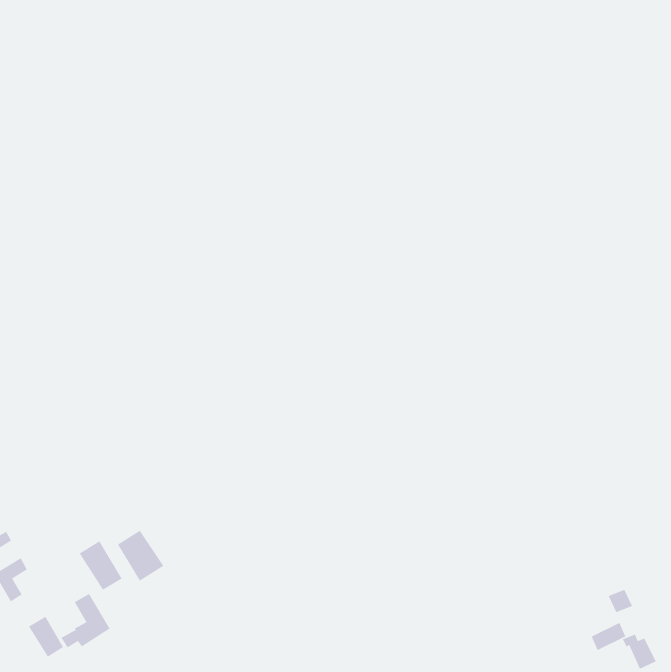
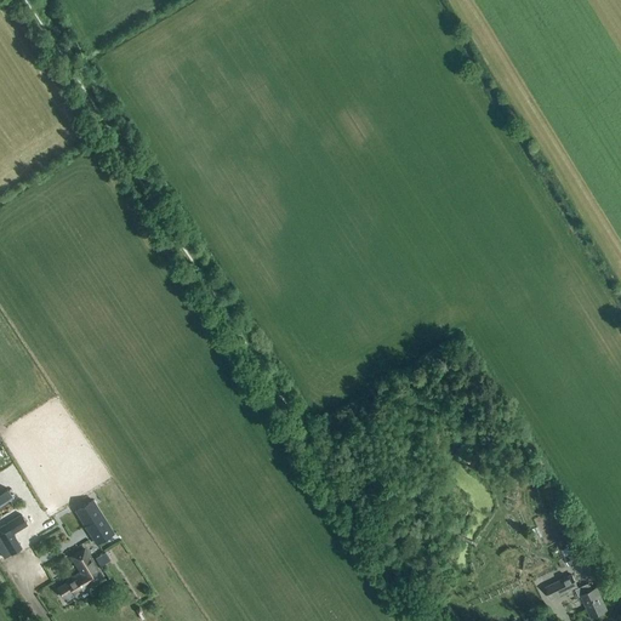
building: [117,530,164,582] -> none
building: [28,616,64,657] -> none

